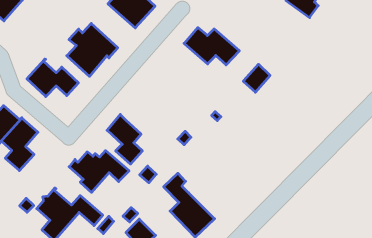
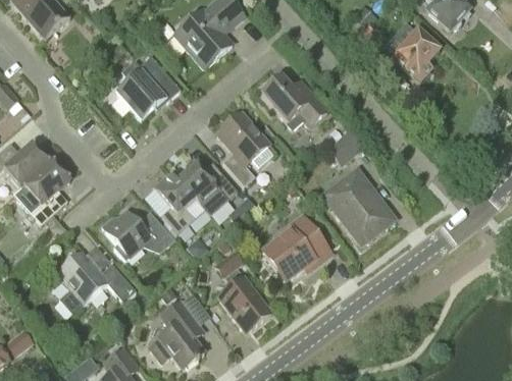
building: [27,59,78,97] -> none
building: none -> [216,111,273,185]
building: none -> [320,168,390,244]
building: none -> [178,162,238,215]
building: none -> [264,215,330,279]

